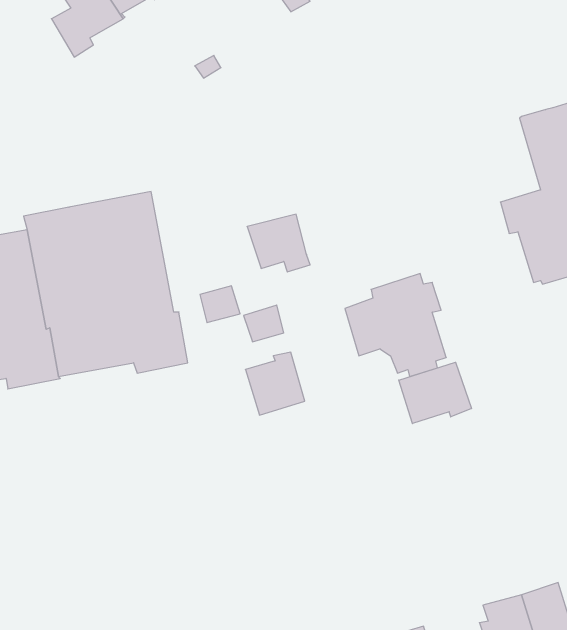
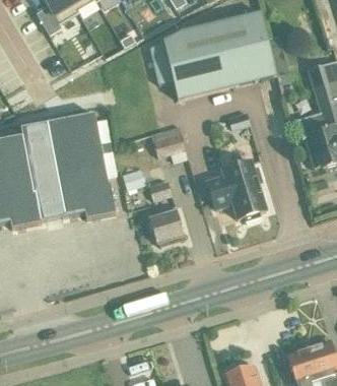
building: none -> [149,11,276,99]
building: [399,362,471,424] -> none

